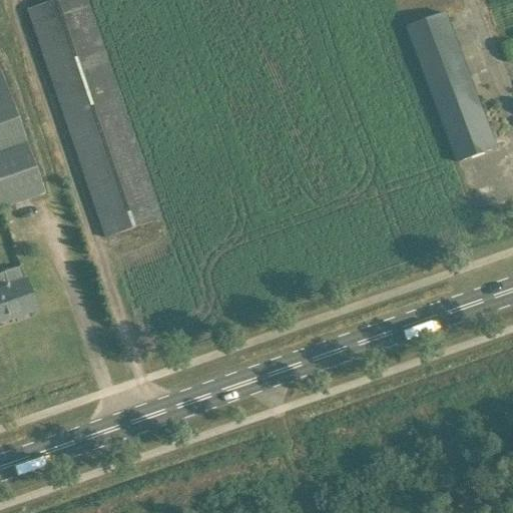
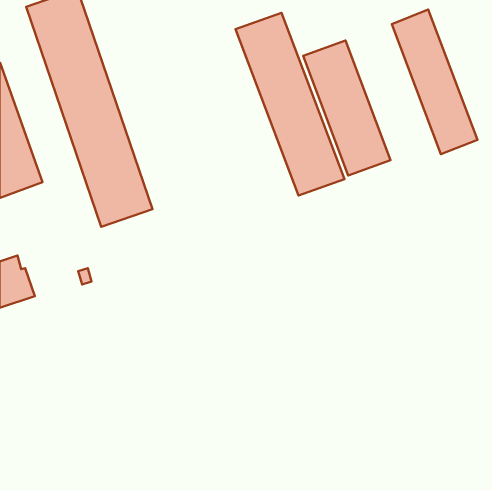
building: none -> [236,13,344,196]
building: none -> [303,41,391,175]

